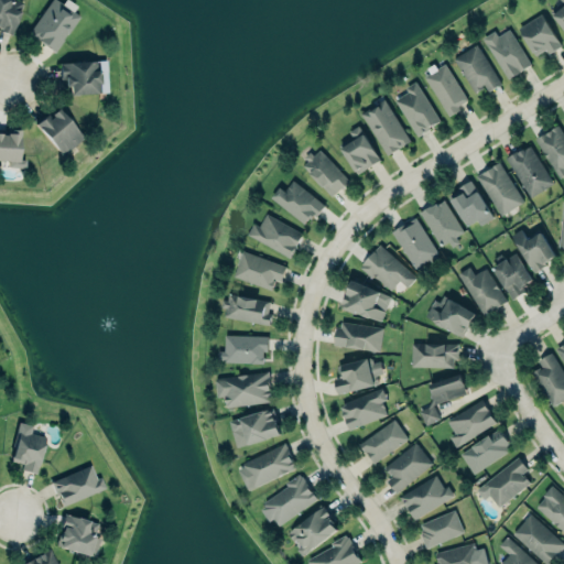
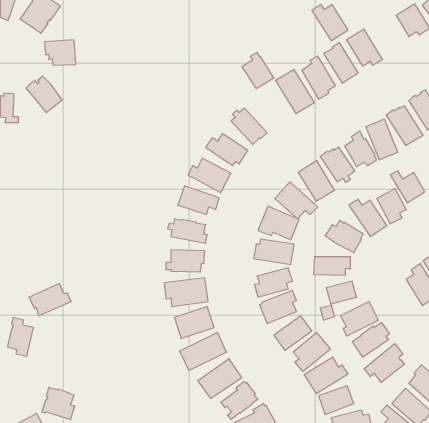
building: [485,31,532,78] -> [312,4,348,41]
building: [340,127,382,174] -> [242,52,274,89]
building: [52,465,107,507] -> [29,284,71,316]

